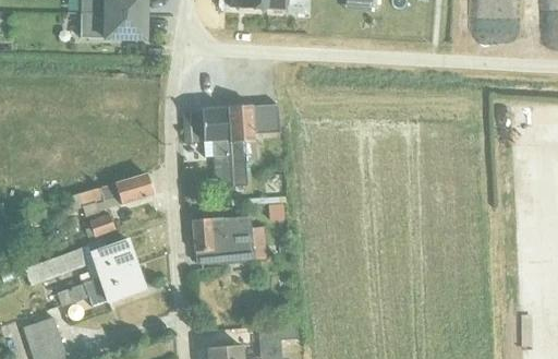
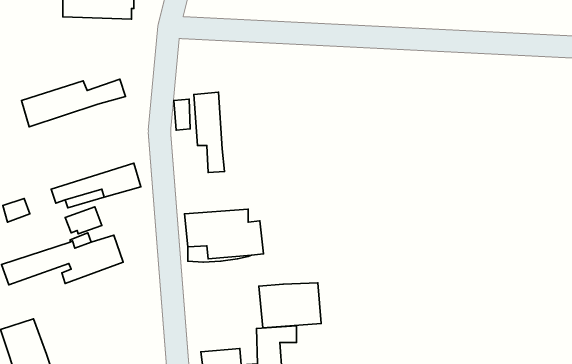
building: none -> [22,79,125,127]
building: [228,103,280,184] -> none
building: [57,263,144,306] -> none
building: none -> [259,283,321,328]

